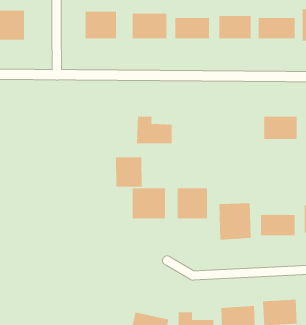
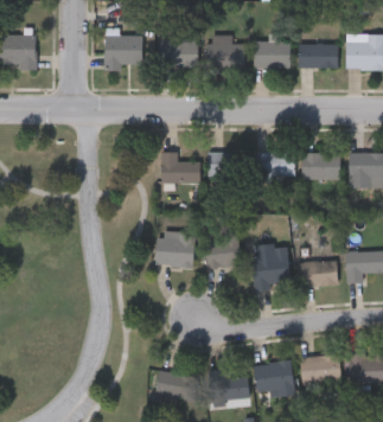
building: none -> [208,152,245,177]
building: none -> [255,152,294,178]
building: [115,157,142,188] -> none

